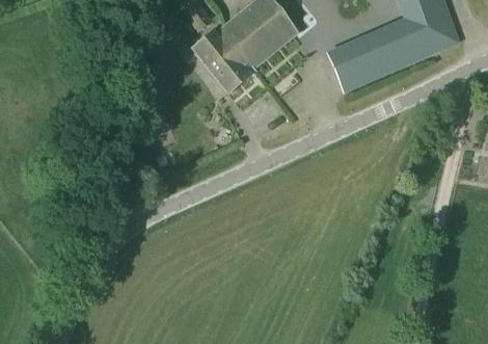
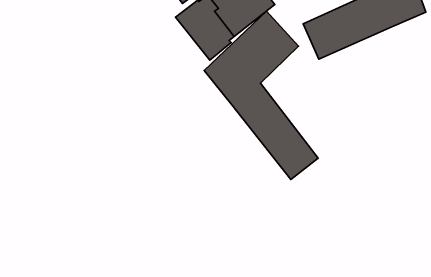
building: none -> [204,11,318,180]

